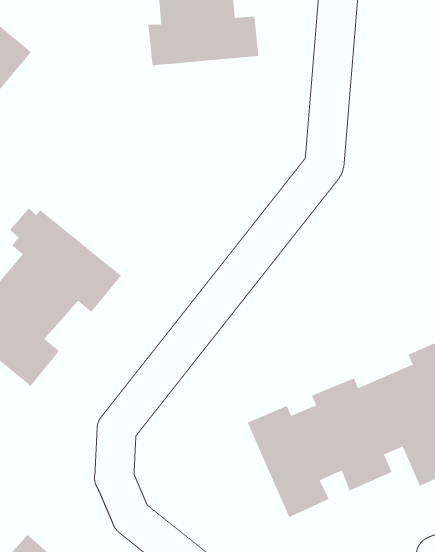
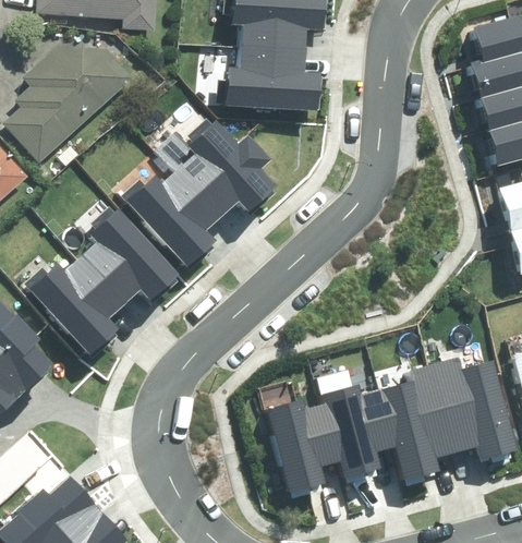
building: none -> [123,118,277,265]

